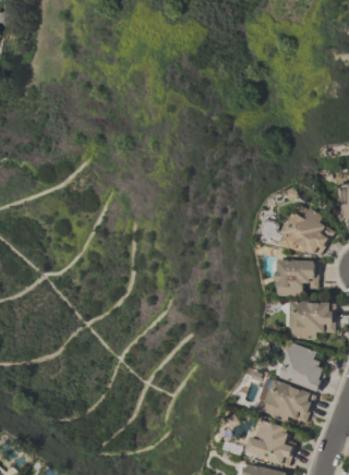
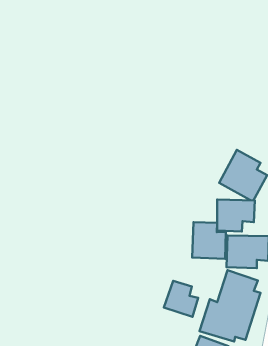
building: none -> [192,222,226,259]
building: none -> [164,281,198,317]

